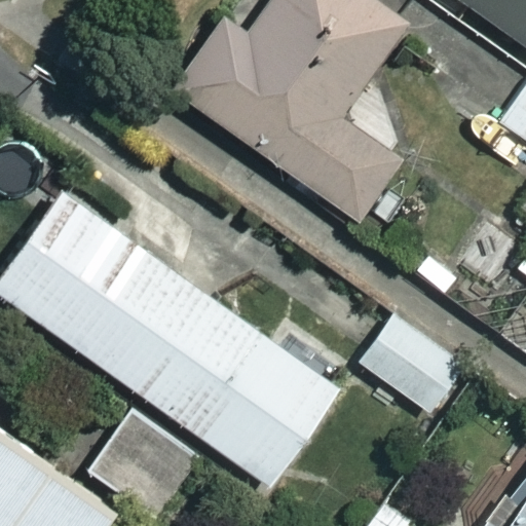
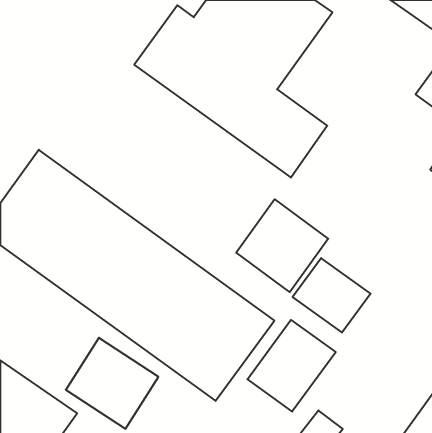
building: none -> [236,199,328,292]
building: none -> [247,320,336,412]

